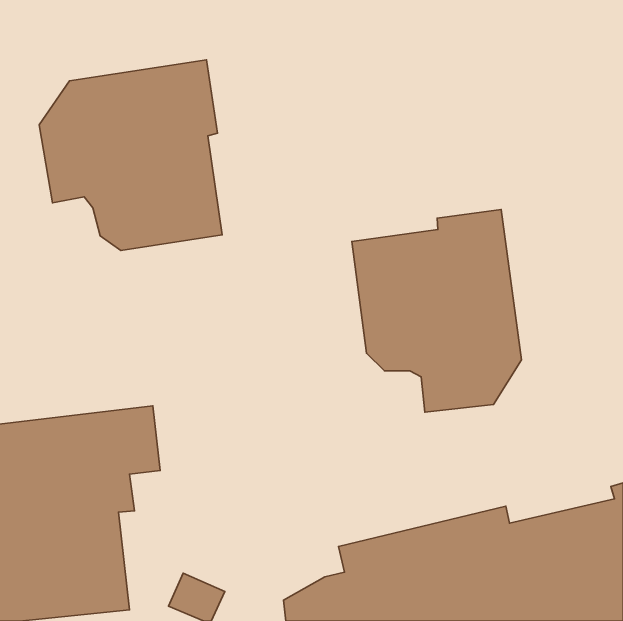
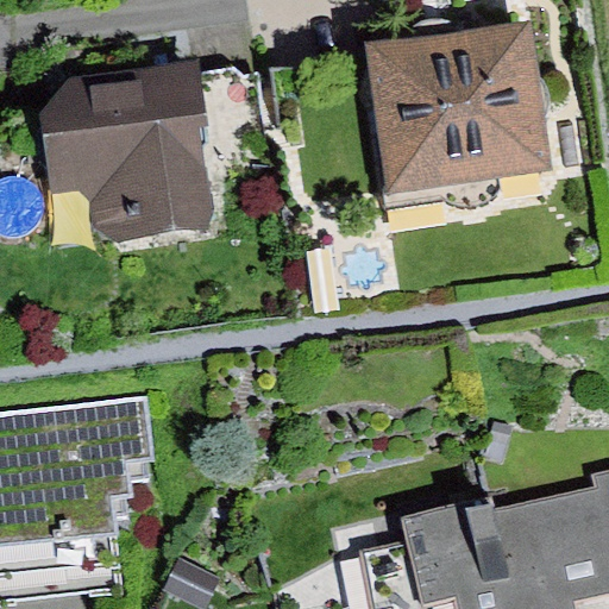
building: none -> [365,24,550,197]
building: [352,210,522,412] -> none

